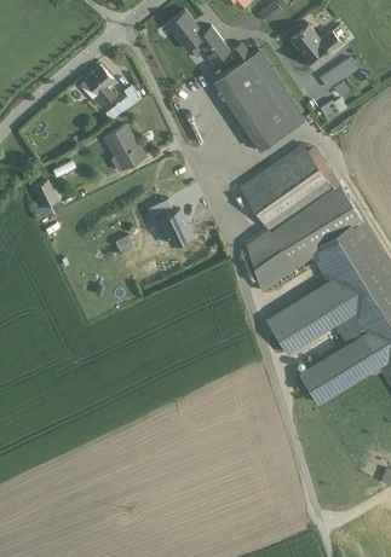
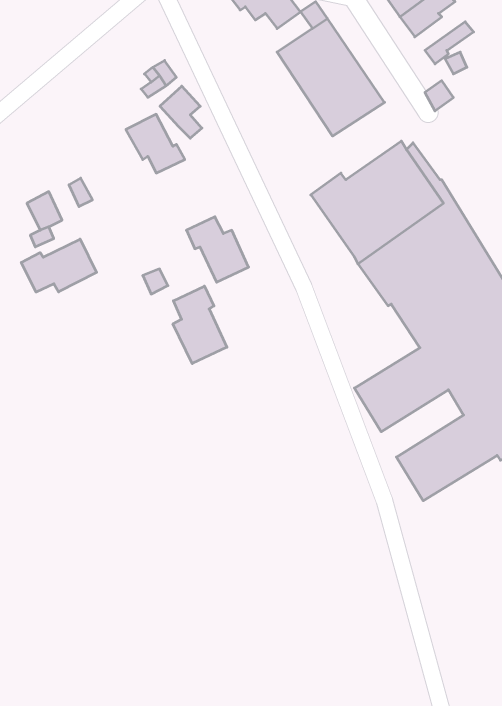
building: [86,66,116,104] -> [160,86,202,138]
building: none -> [21,239,97,292]
building: [247,228,294,286] -> none
building: none -> [173,286,227,364]

